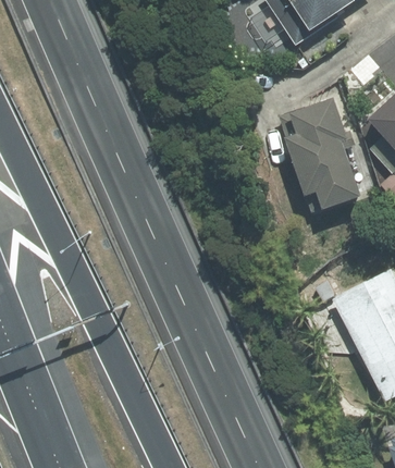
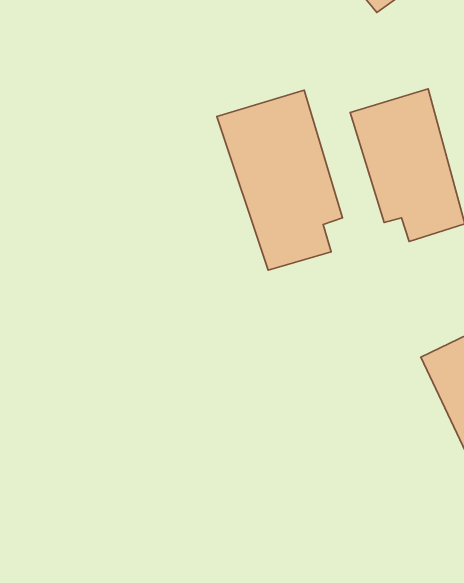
building: none -> [217,90,342,270]

